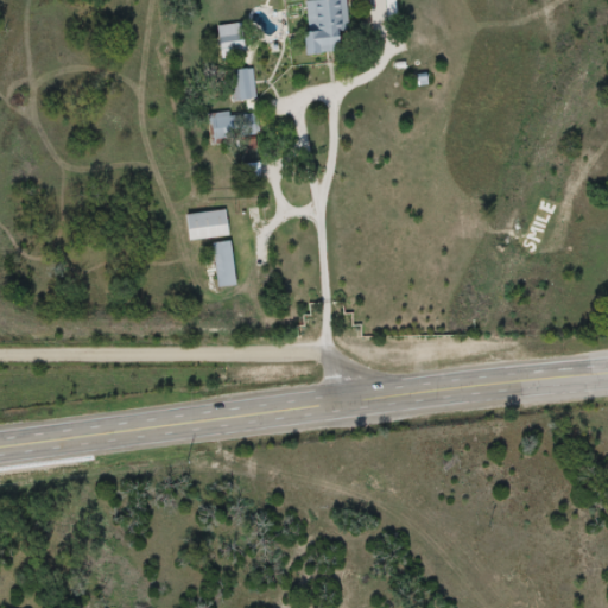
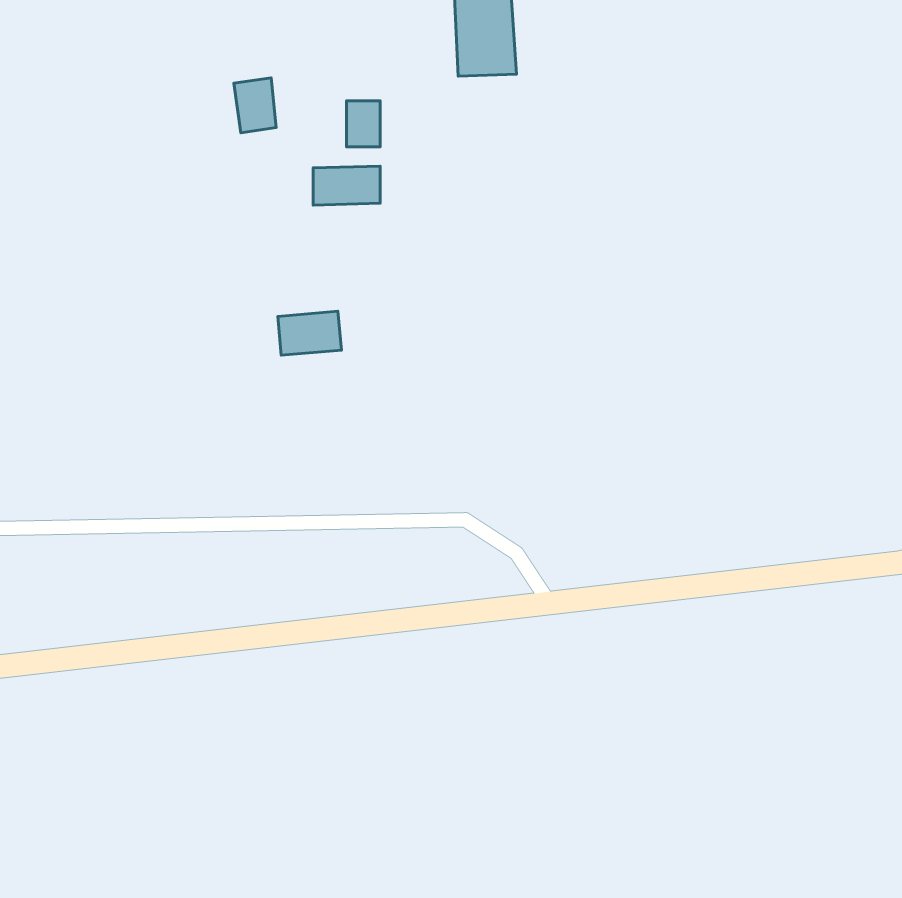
building: [217,21,246,58] -> [234,78,276,133]
building: [213,240,236,286] -> none

